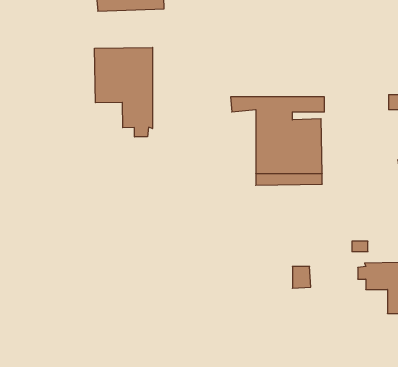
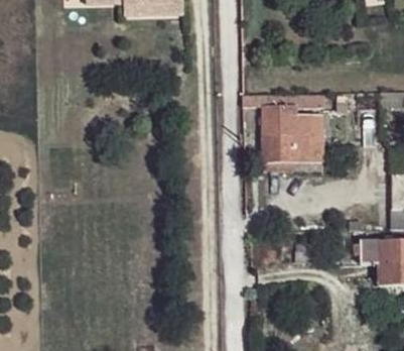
building: [95,47,153,137] -> none

